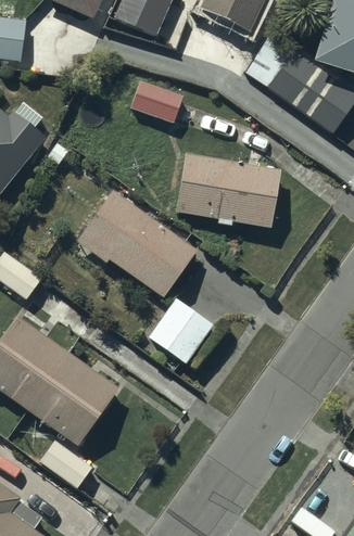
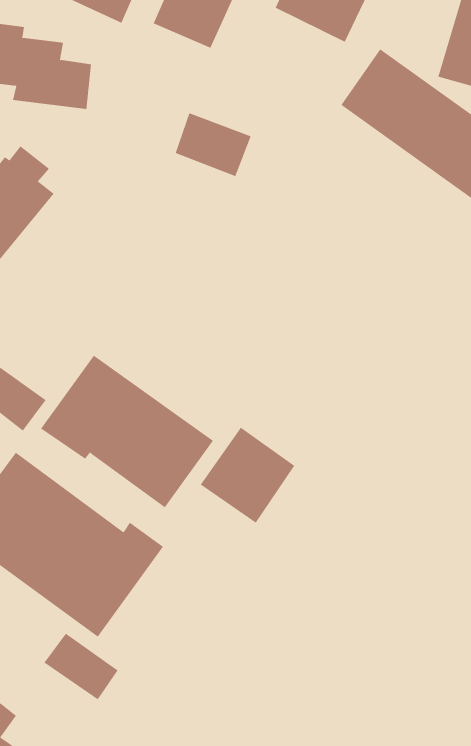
building: [176,155,278,227] -> none
building: [75,190,195,296] -> [40,355,214,508]

